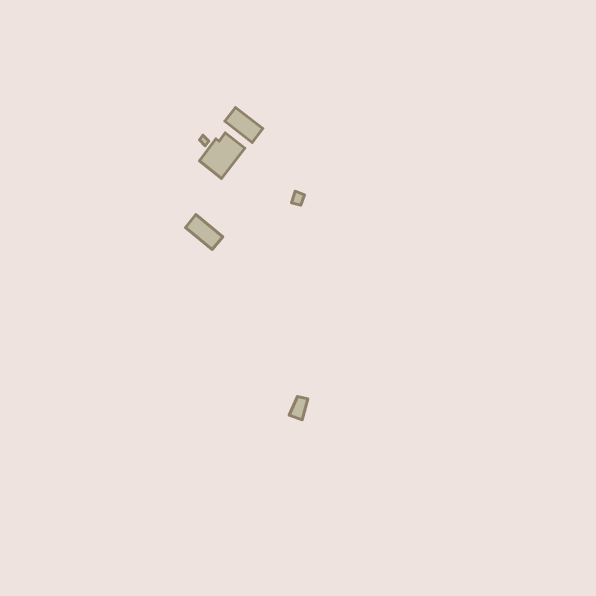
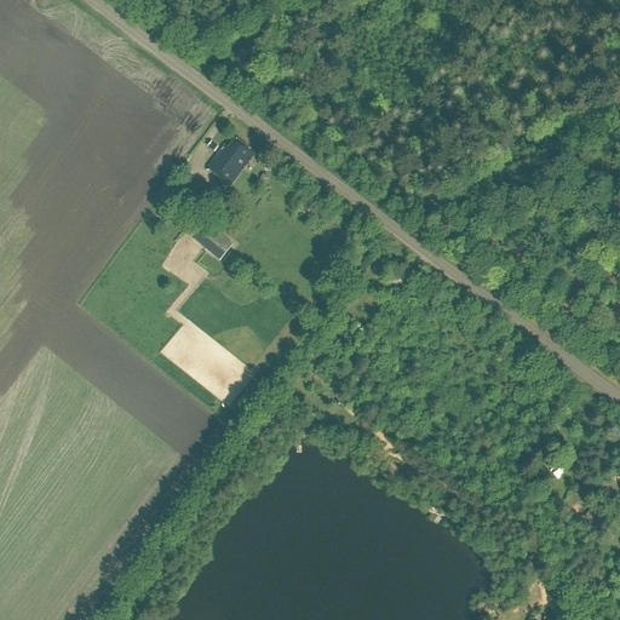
building: [225,107,263,142] -> none

